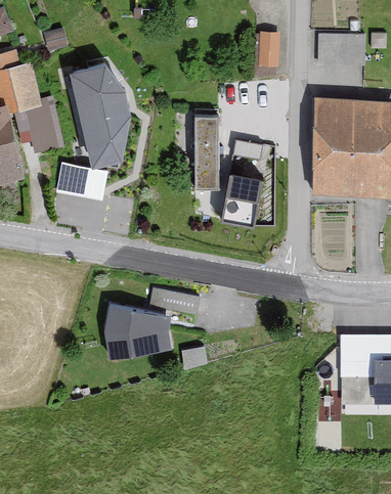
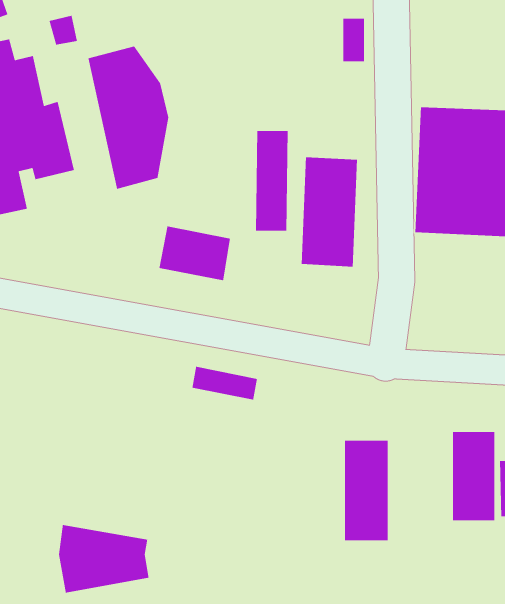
building: [315,40,359,64] -> none
building: [54,160,107,200] -> [159,226,231,281]
building: [102,307,170,358] -> [58,524,150,593]
building: none -> [344,440,389,541]

